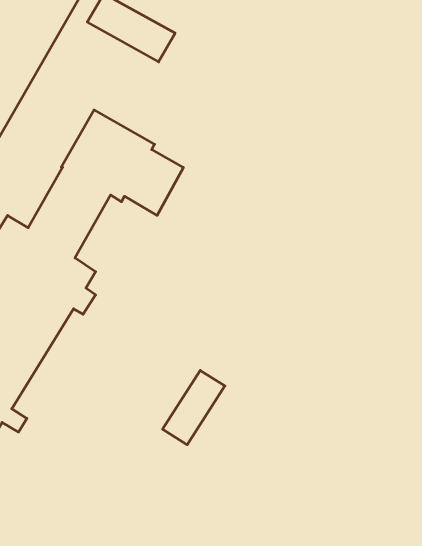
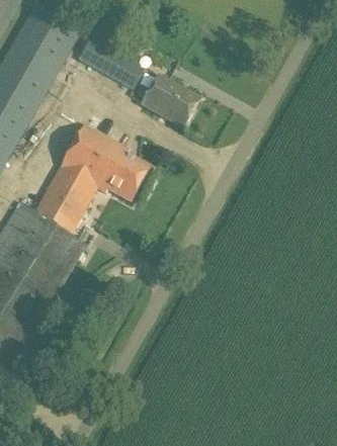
building: none -> [143,75,198,125]
building: [163,370,225,445] -> none

